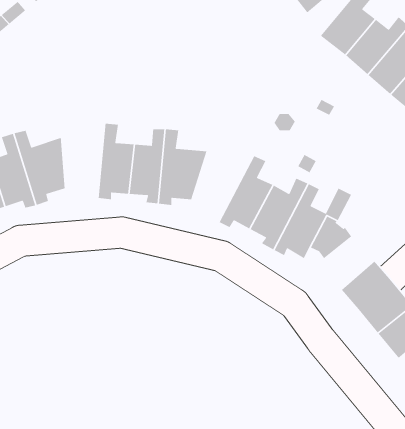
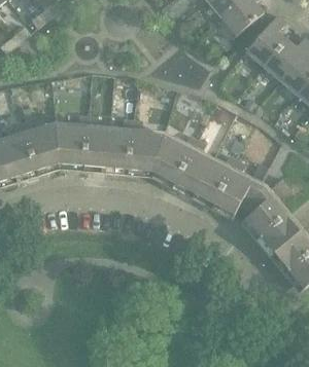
building: none -> [56,115,88,171]
building: none -> [151,135,197,188]
building: none -> [245,177,287,237]

